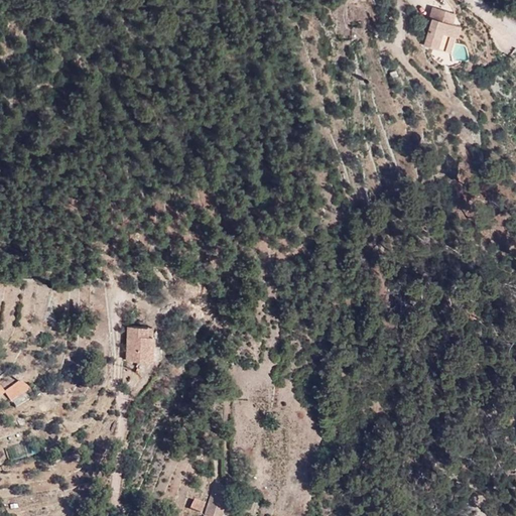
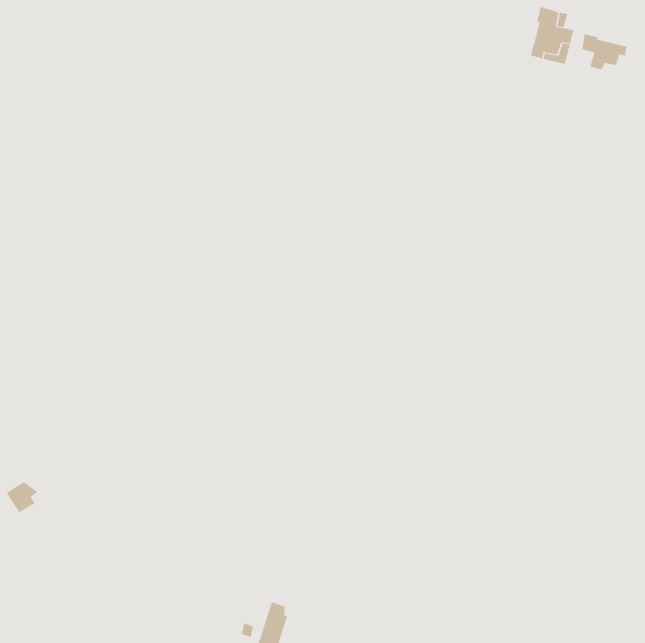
building: none -> [582,34,627,70]
building: [126,326,153,361] -> none

